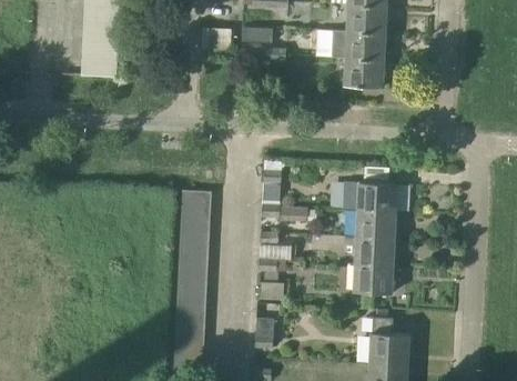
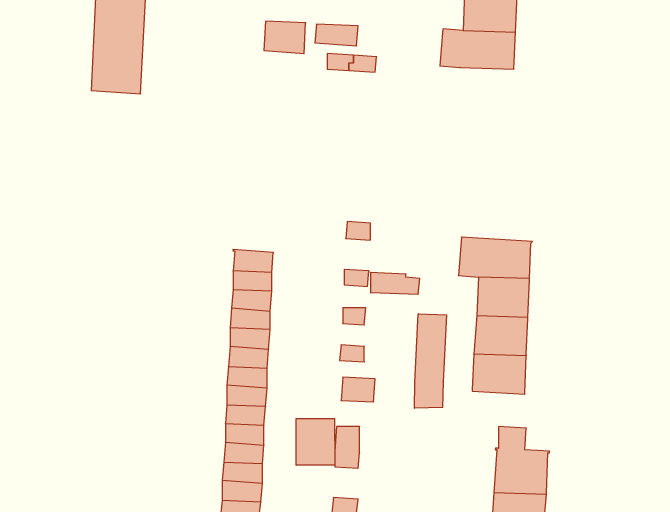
building: [344,58,384,87] -> none
building: none -> [414,314,446,408]
building: none -> [296,419,335,465]

